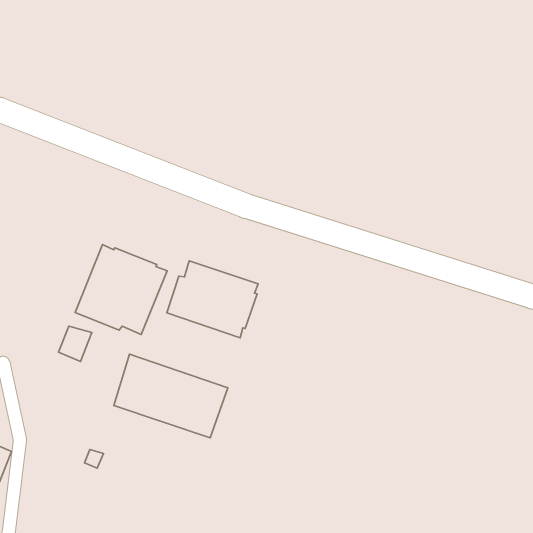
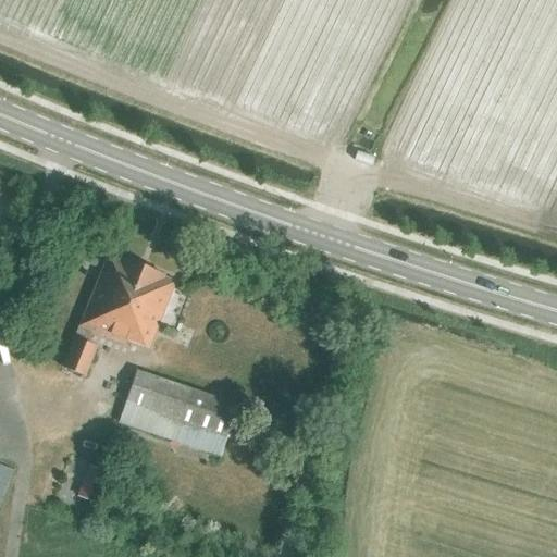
building: [167,261,258,338] -> none

